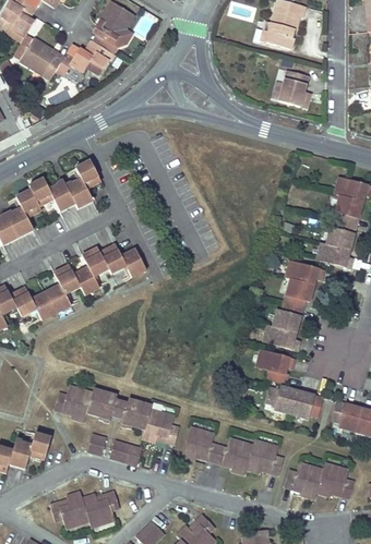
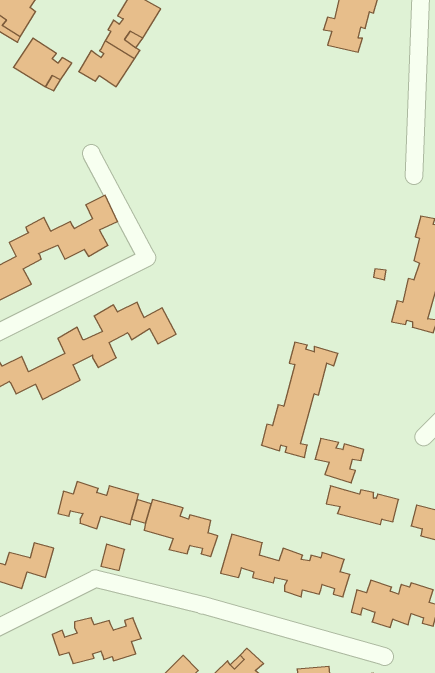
building: [277,70,311,109] -> none
building: [263,261,323,351] -> [261,342,338,458]
building: [110,440,142,466] -> none

